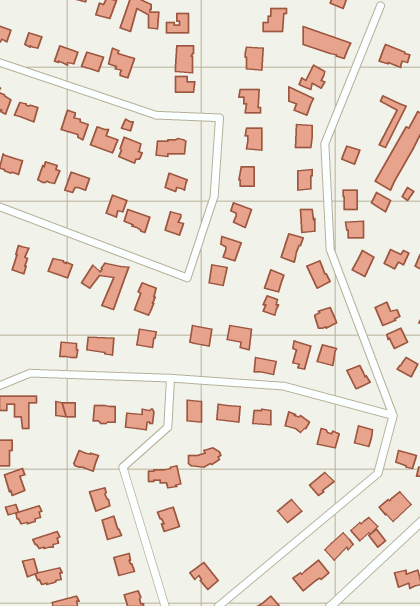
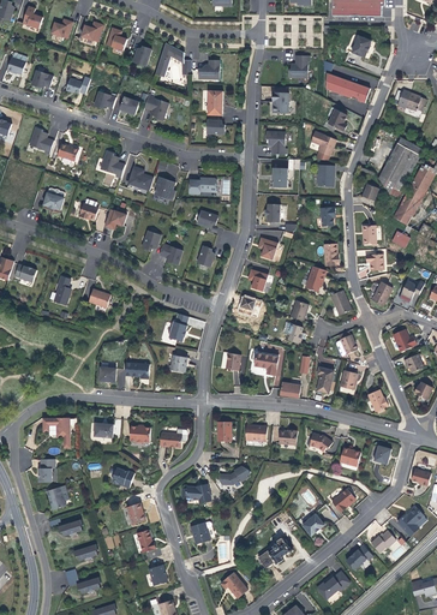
building: none -> [378,143,413,197]
building: [81,263,129,309] -> none
building: none -> [257,536,293,568]

